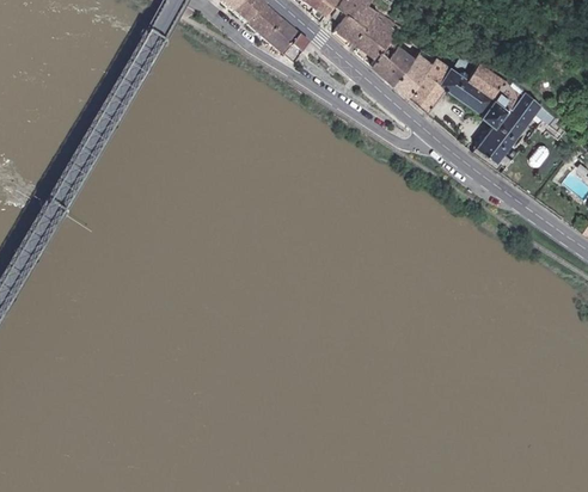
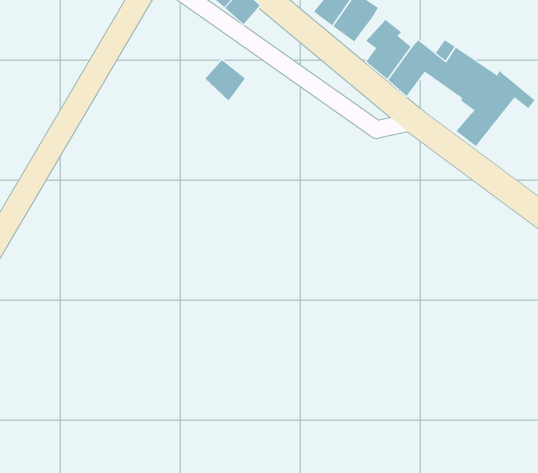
building: [268,24,308,66] -> [204,59,246,102]
building: [372,36,403,79] -> none

